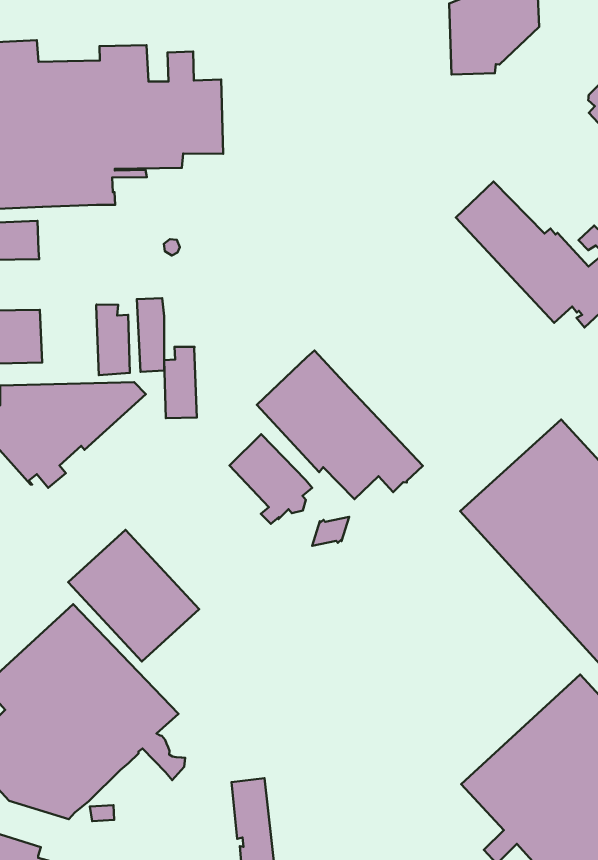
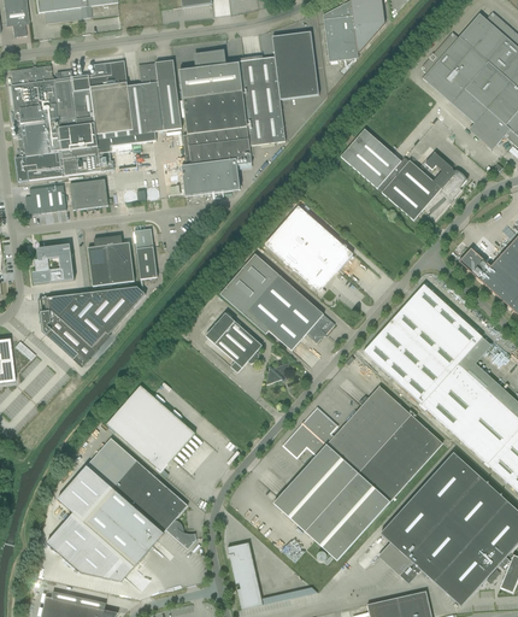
building: none -> [179,31,319,195]
building: none -> [70,178,108,210]
building: none -> [265,205,353,293]
building: [164,347,197,418] -> [88,236,113,286]
building: none -> [273,386,442,559]

